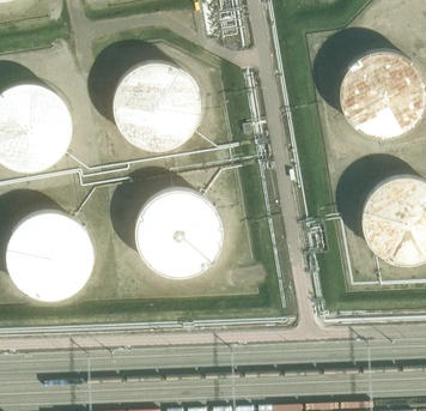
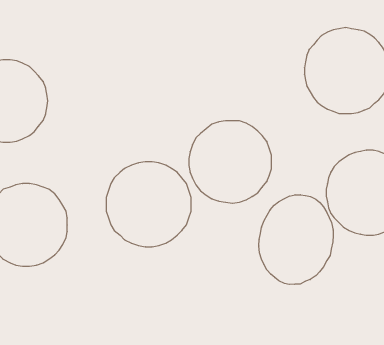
building: [112,62,199,149] -> [189,121,271,203]
building: none -> [259,195,333,284]

